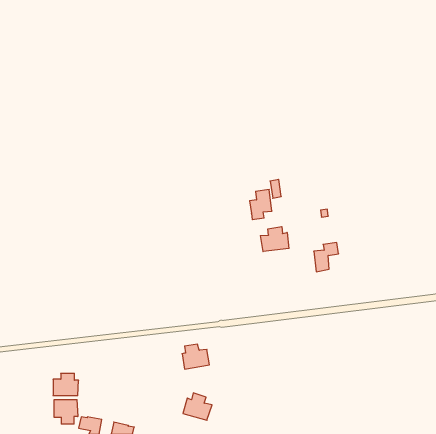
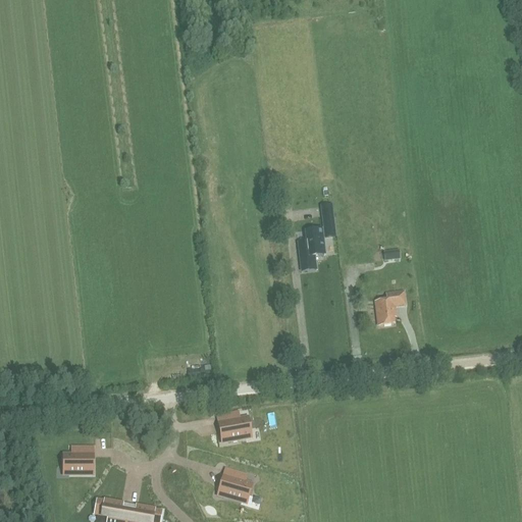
building: [260,227,289,252] -> none
building: [54,400,78,424] -> none

